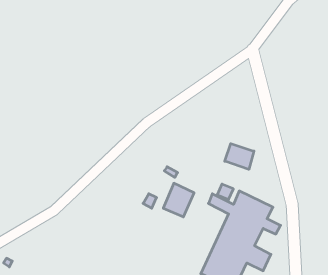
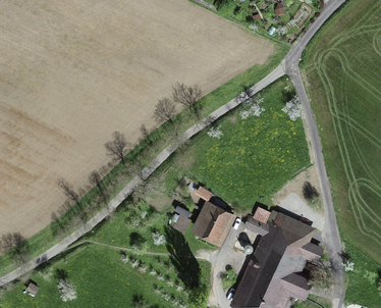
building: [225,144,254,169] -> none

